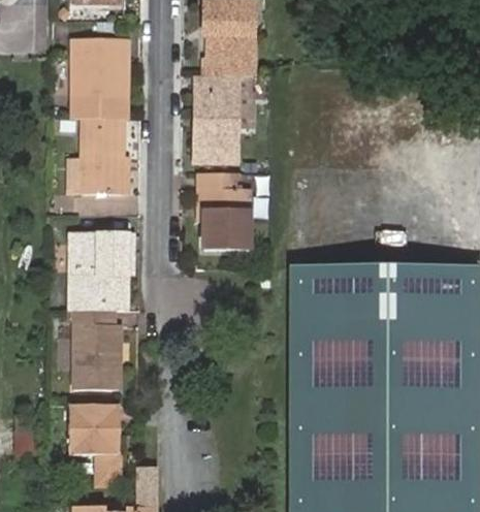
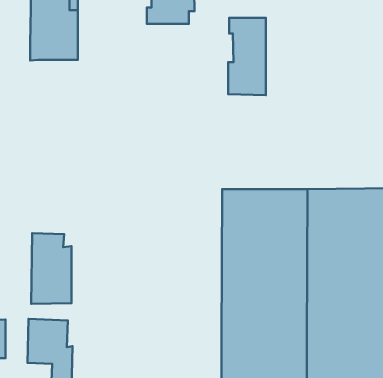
building: [195,76,237,163] -> [228,18,266,95]
building: [83,117,124,192] -> none
building: [200,173,250,251] -> none
building: [69,236,126,313] -> none

